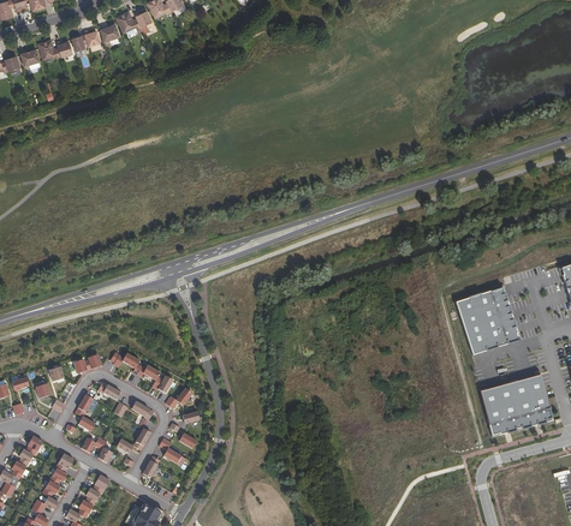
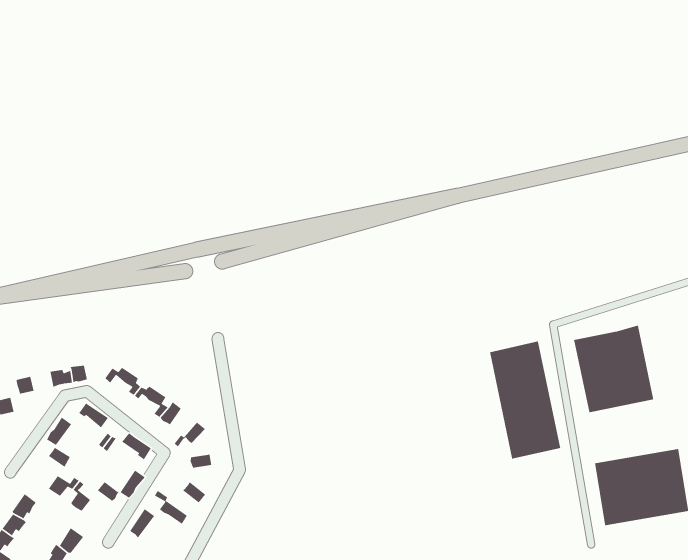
building: none -> [489,341,561,460]

